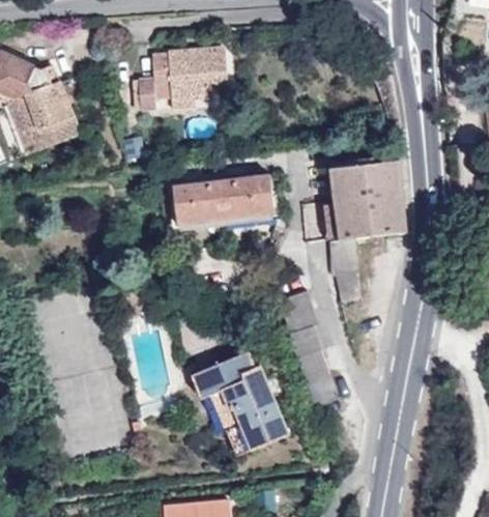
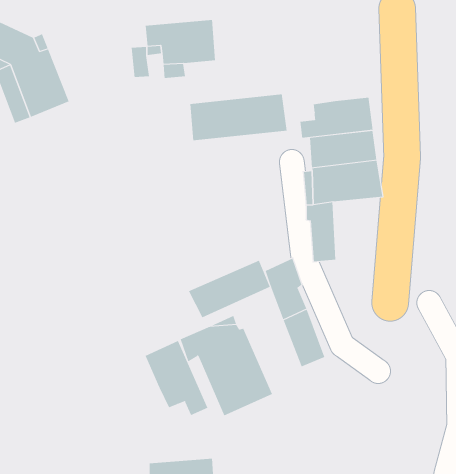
building: none -> [300,97,373,138]
building: [178,175,280,224] -> [189,94,288,141]
building: none -> [188,260,270,318]
building: none -> [145,340,208,416]

